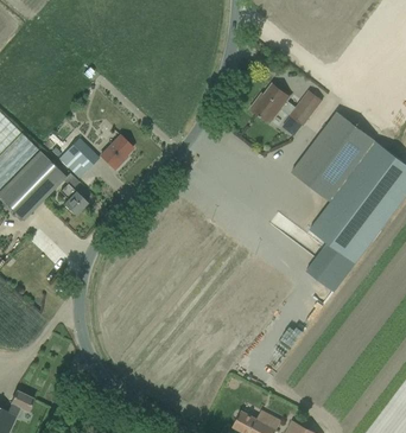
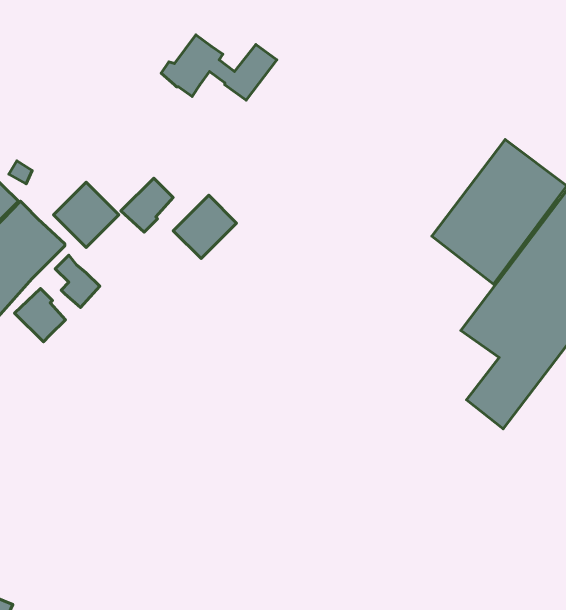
building: [250,84,322,125] -> [161,35,277,100]
building: none -> [173,195,236,258]
building: none -> [14,289,65,342]

